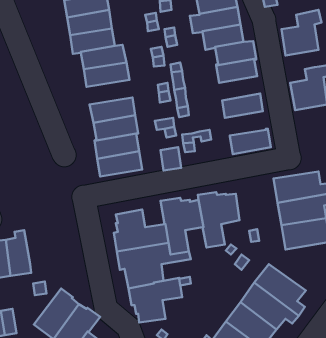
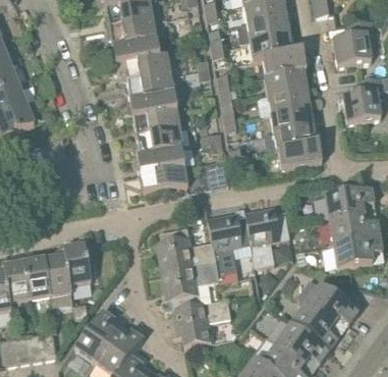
building: none -> [267,87,310,112]
building: none -> [128,91,176,116]
building: none -> [263,123,316,152]
building: none -> [63,244,95,283]

